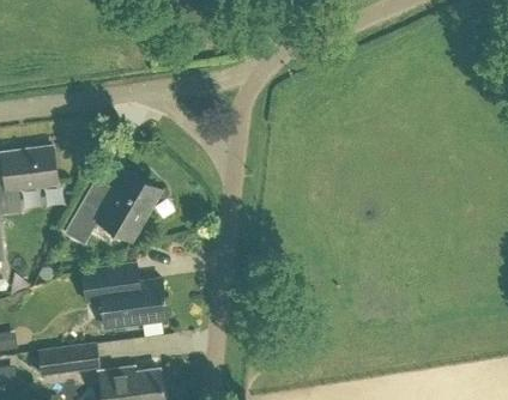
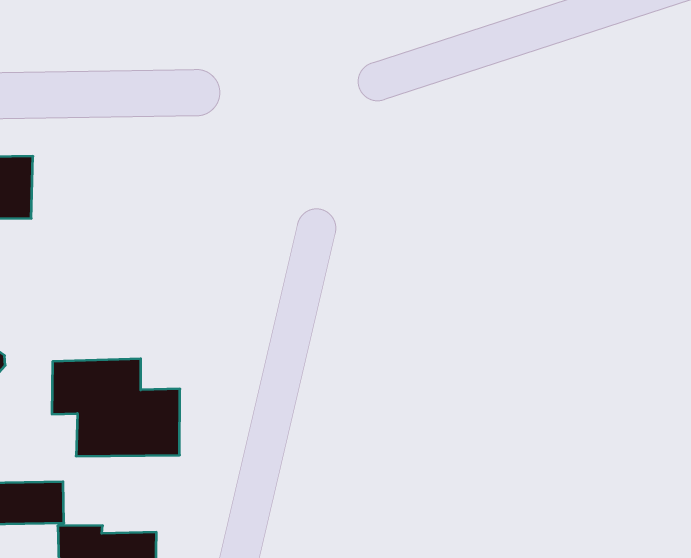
building: [66,169,162,243] -> none

